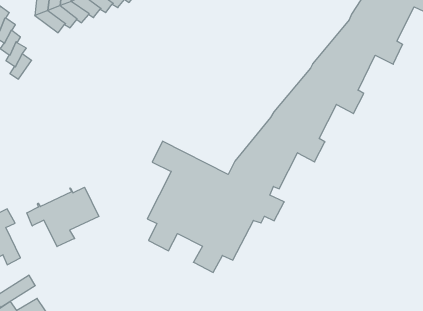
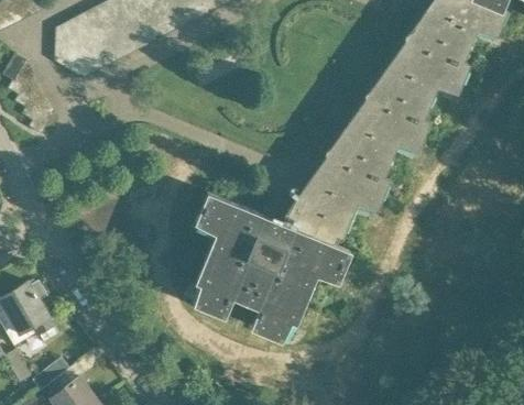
building: [27,187,99,247] -> none

